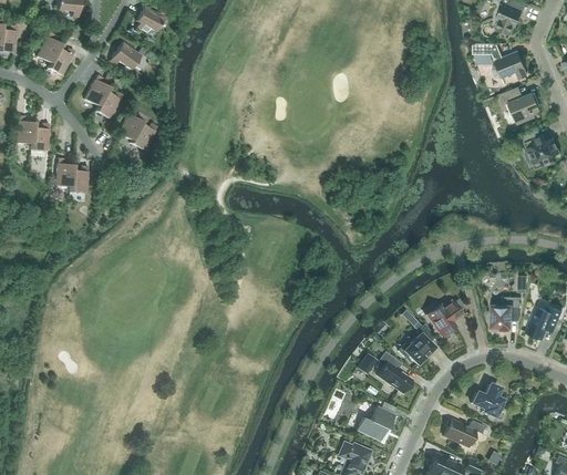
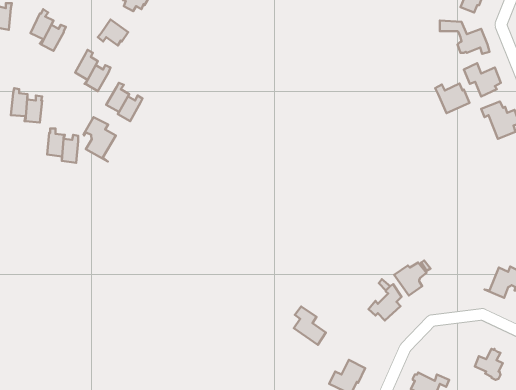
building: none -> [435,83,469,113]
building: none -> [84,117,116,162]
building: [492,296,522,328] -> none
building: [378,351,412,392] -> [294,306,326,345]
building: [472,383,502,416] -> [475,349,503,380]

